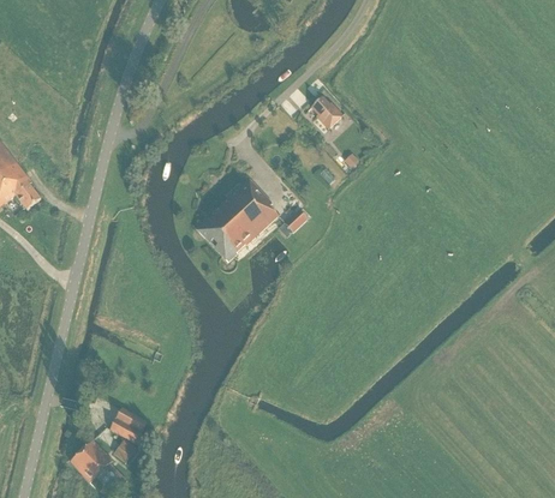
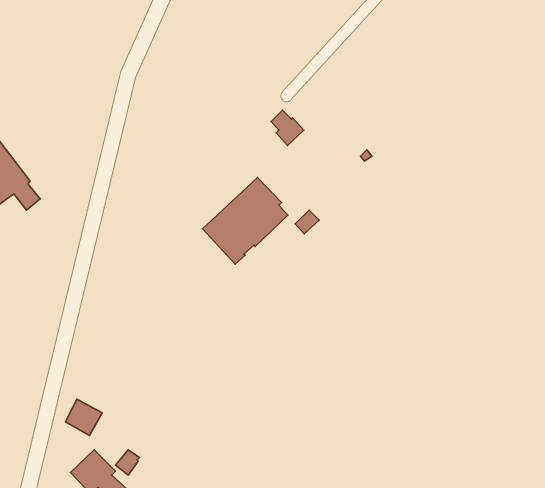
building: [310,96,341,130] -> [271,110,304,145]
building: [111,408,145,443] -> [66,399,102,436]

